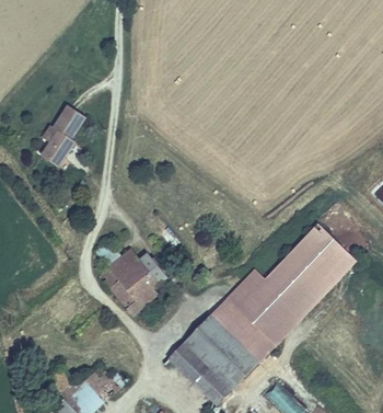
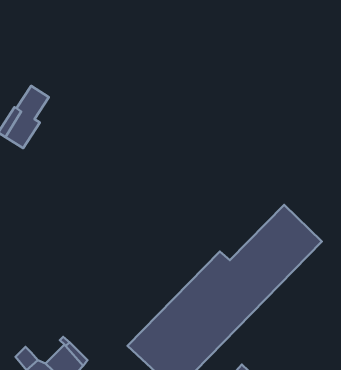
building: [94,245,160,312] -> none

